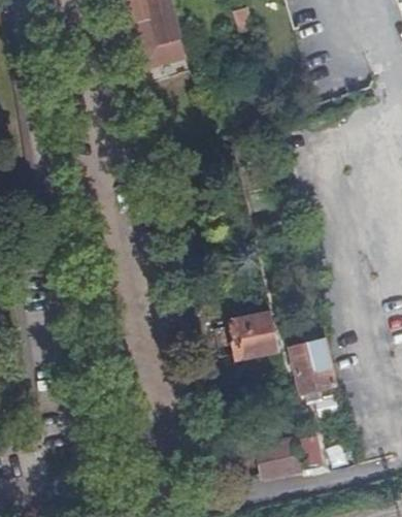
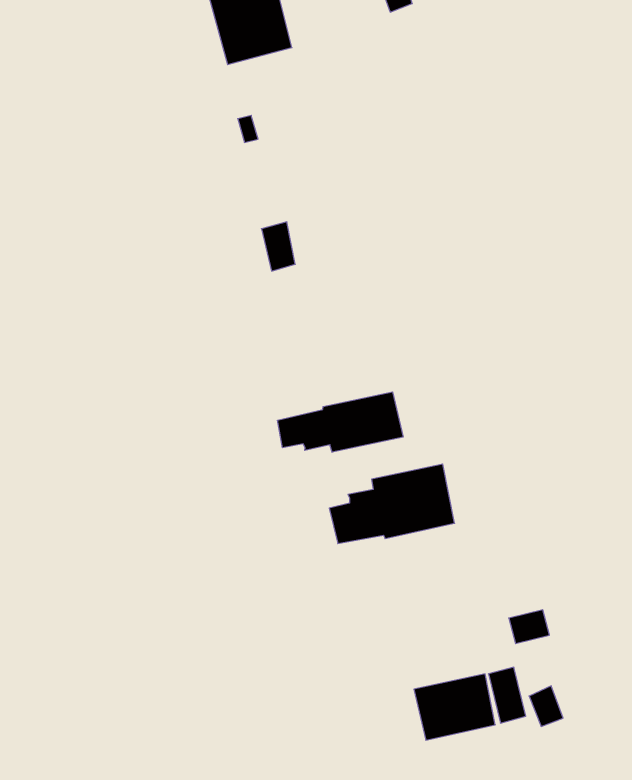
building: none -> [278,392,403,452]
building: [291,340,335,401] -> none

